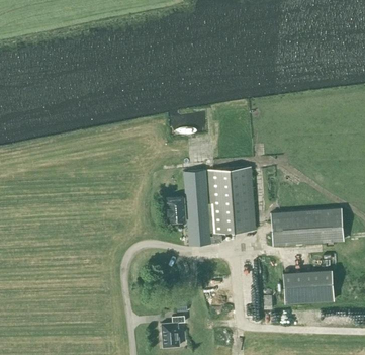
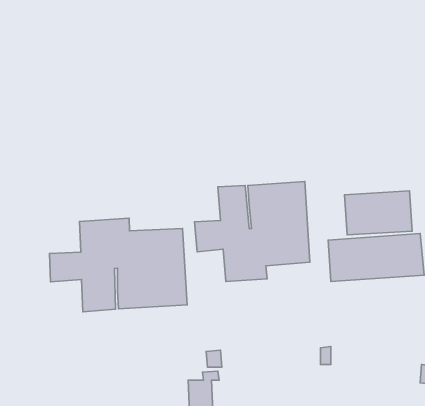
building: none -> [50,218,187,312]
building: [281,270,334,304] -> [345,191,412,235]

